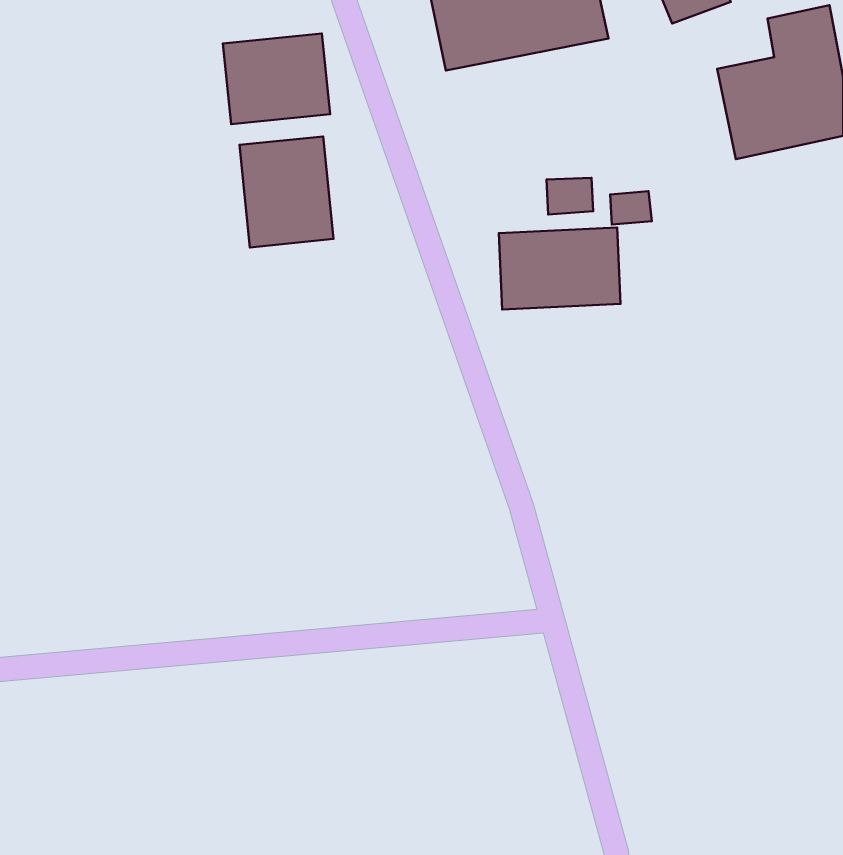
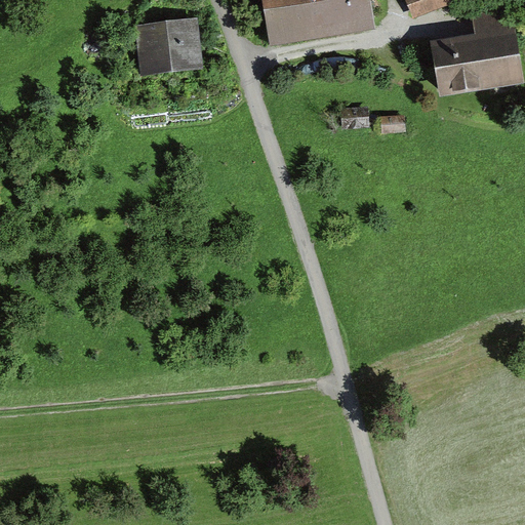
building: [239,136,333,247] -> none
building: [499,227,621,310] -> none

